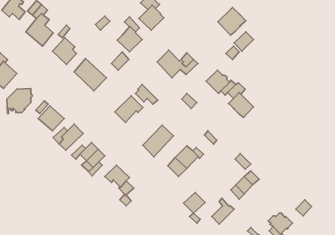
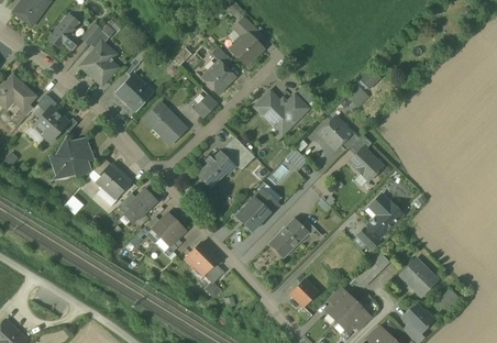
building: [218,7,246,35] -> none
building: none -> [367,195,402,237]
building: none -> [399,258,437,296]
building: none -> [336,301,371,331]

